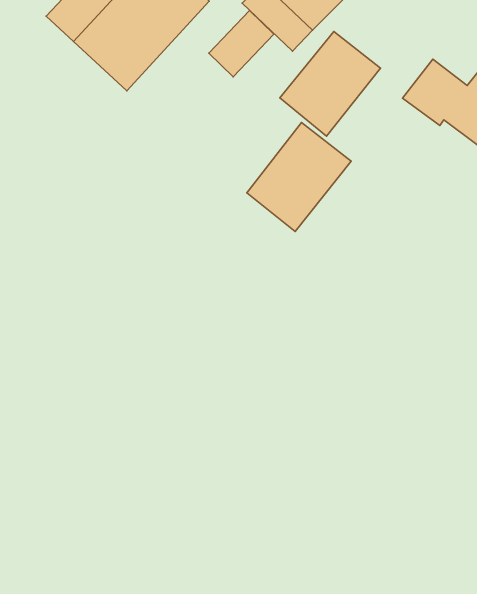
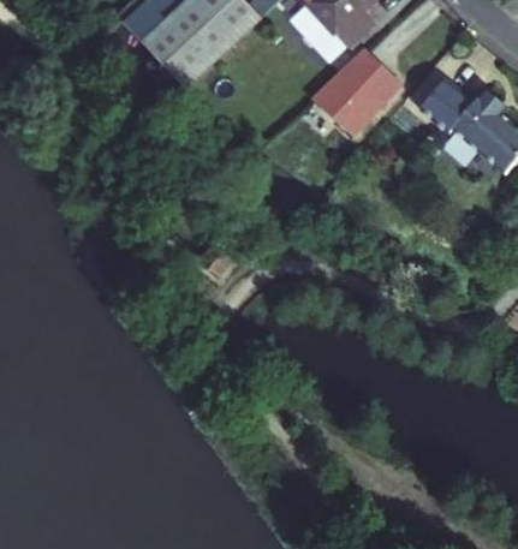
building: [209,10,274,77] -> none
building: [247,123,351,232] -> none

